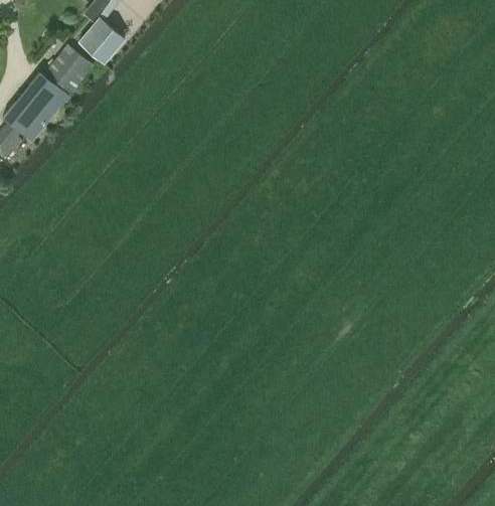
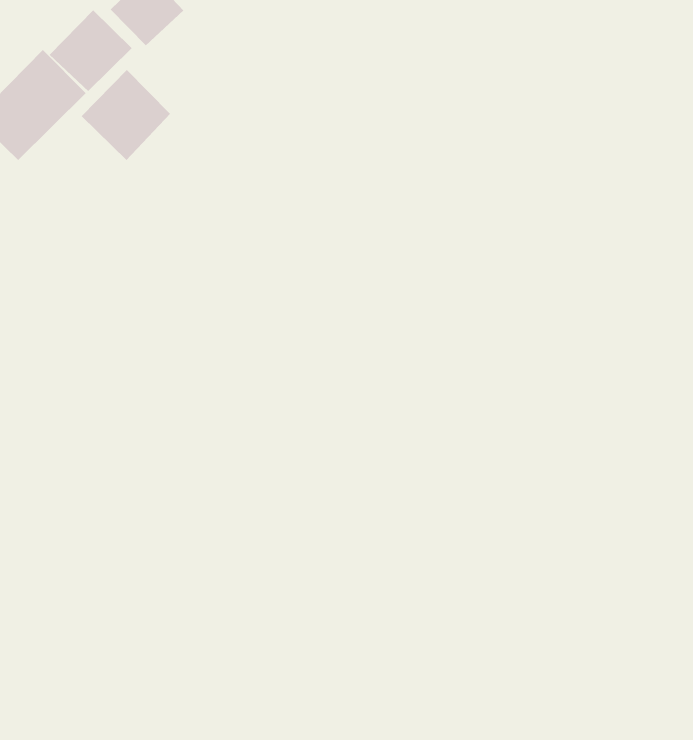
building: none -> [81,69,171,161]

